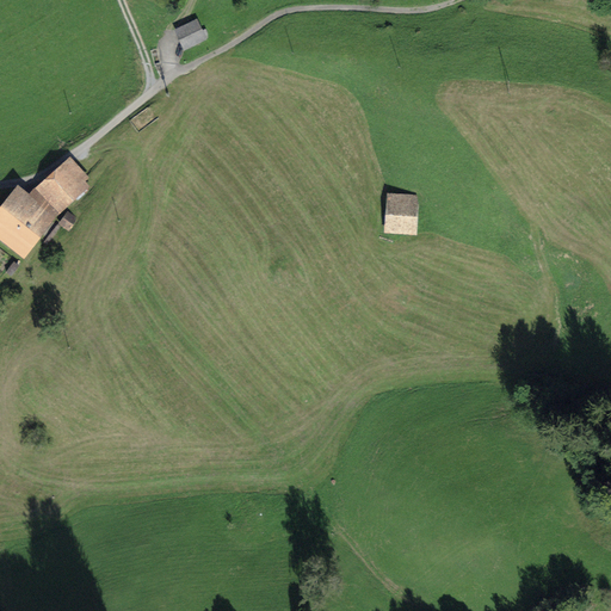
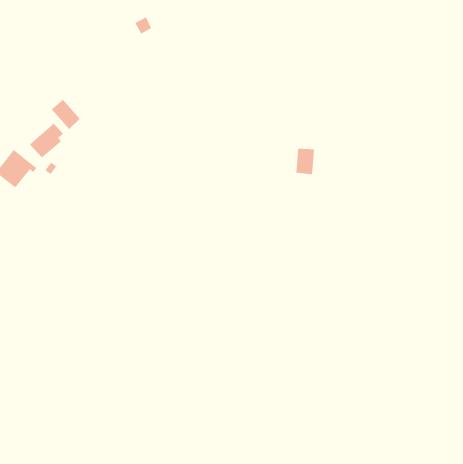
building: none -> [51,99,81,130]

